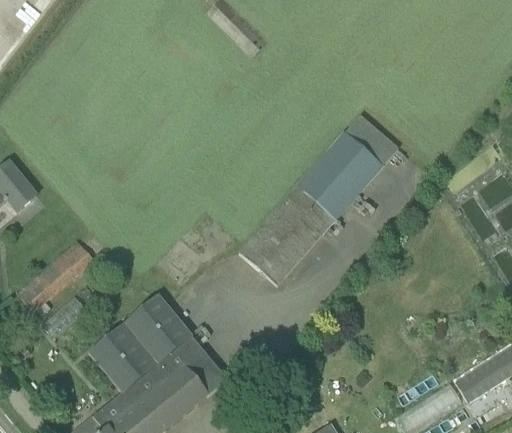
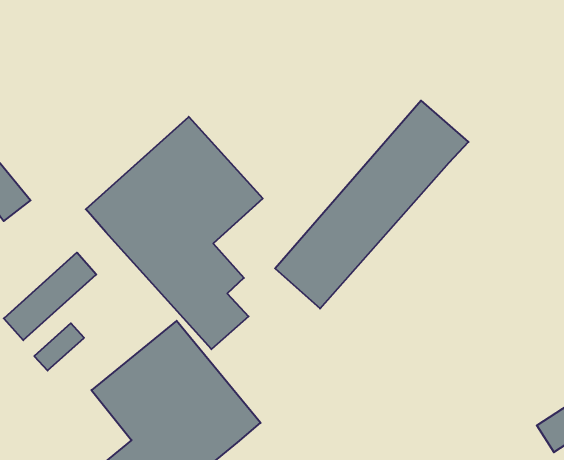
building: none -> [86,117,263,349]

